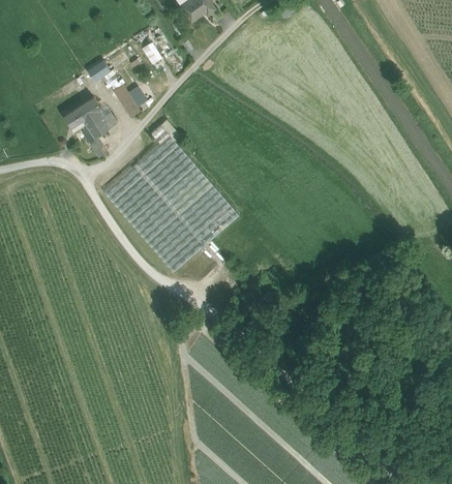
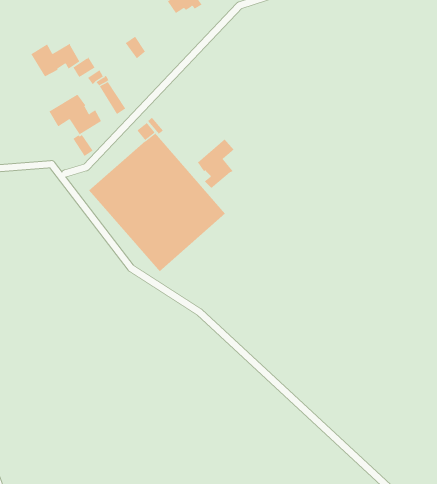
building: none -> [30,43,80,77]
building: none -> [197,138,234,189]

